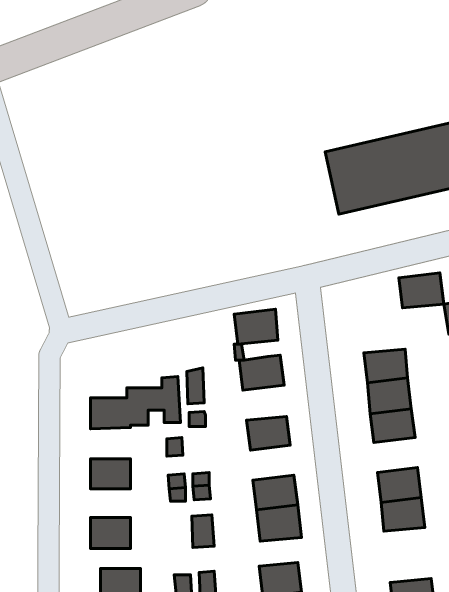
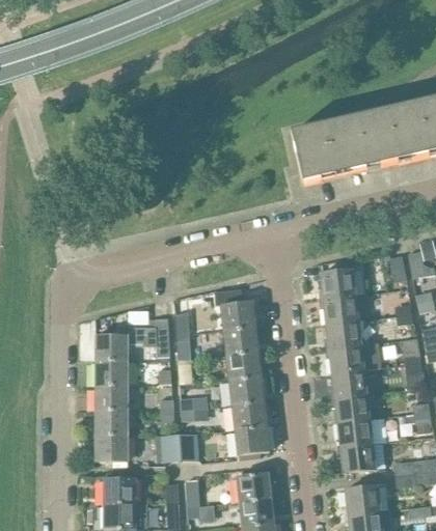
building: [399,273,444,308] -> [319,269,356,298]
building: [234,309,278,344] -> [221,325,257,354]
building: none -> [94,360,128,386]
building: none -> [330,368,366,397]
building: none -> [227,374,264,403]
building: none -> [94,411,128,435]
building: none -> [154,434,180,462]
building: none -> [338,443,376,473]

